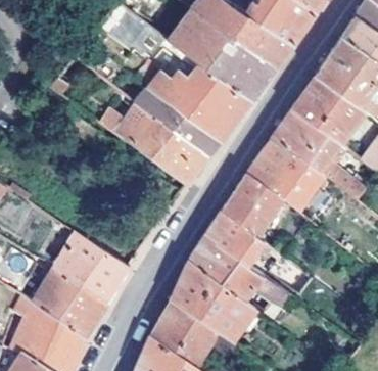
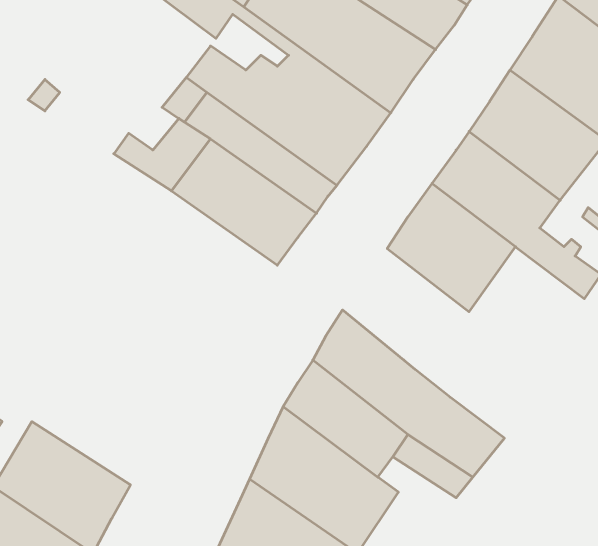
building: [224,173,309,254] -> none
building: [53,232,130,303] -> none

